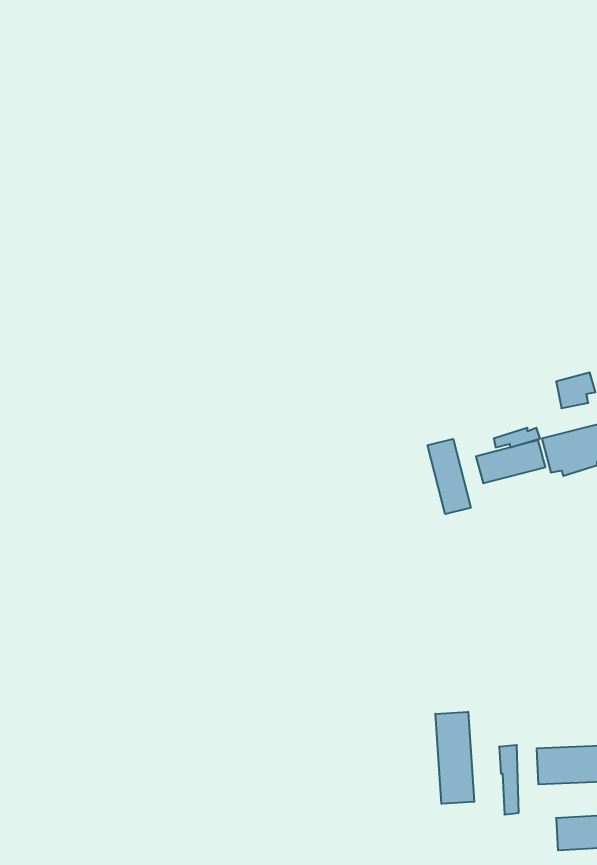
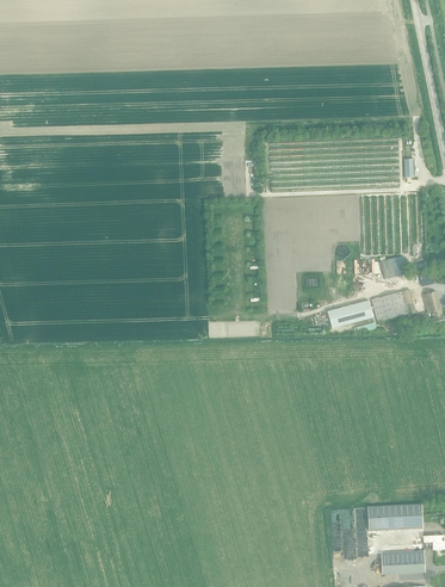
building: [428,439,471,514] -> none
building: [435,712,474,804] -> none

